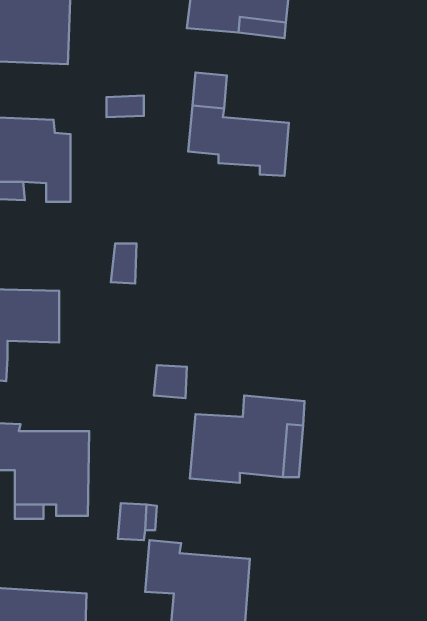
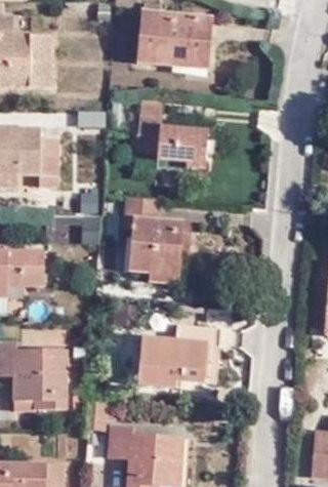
building: none -> [124,195,192,281]

